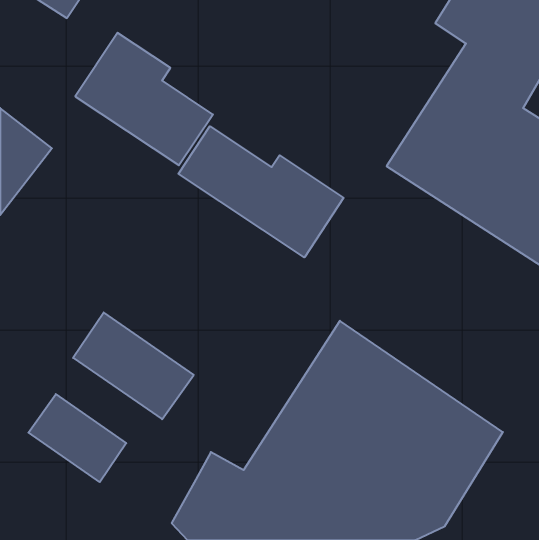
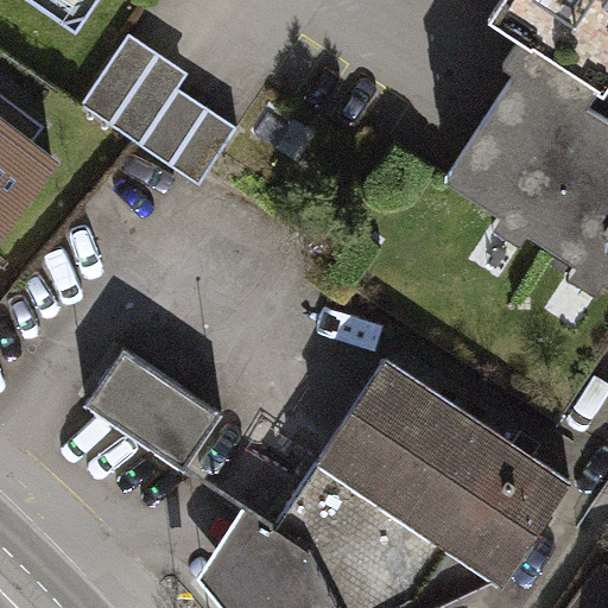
building: [178,126,344,257] -> none
building: [28,394,126,482] -> none

